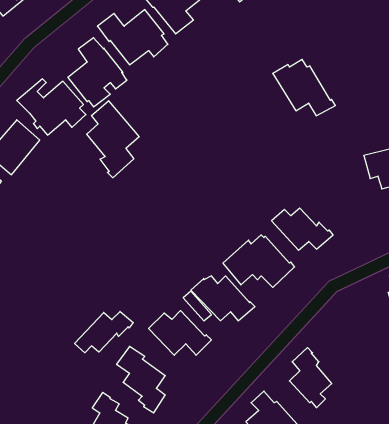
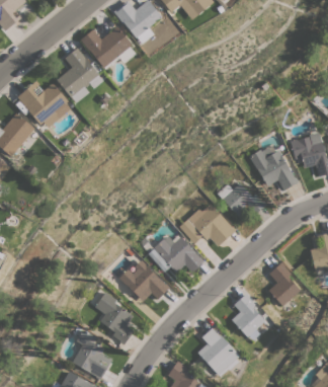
building: [273,59,335,116] -> [249,145,299,189]
building: [87,101,139,178] -> none
building: none -> [268,261,301,306]
building: [75,311,133,353] -> none

